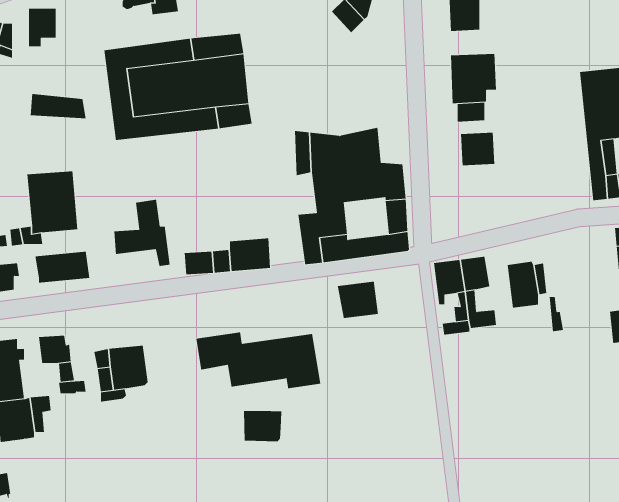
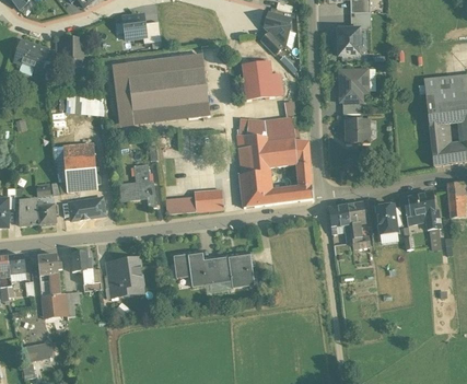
building: none -> [241,59,275,97]
building: none -> [405,190,440,229]
building: [337,281,379,319] -> none
building: [244,410,282,442] -> none

